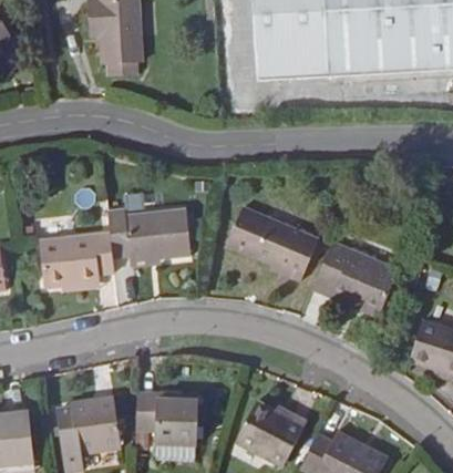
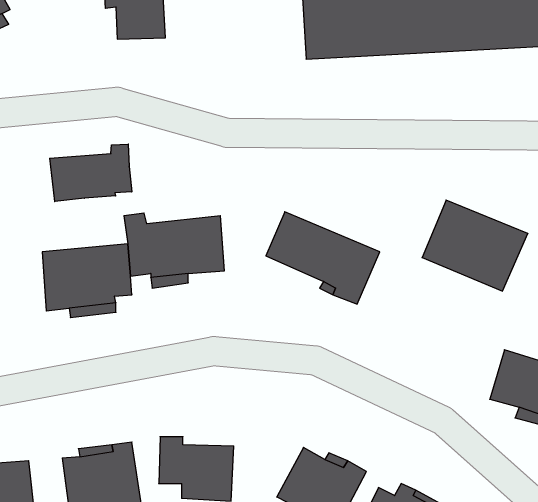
building: none -> [50,144,132,202]
building: [311,243,399,318] -> [422,200,528,291]

